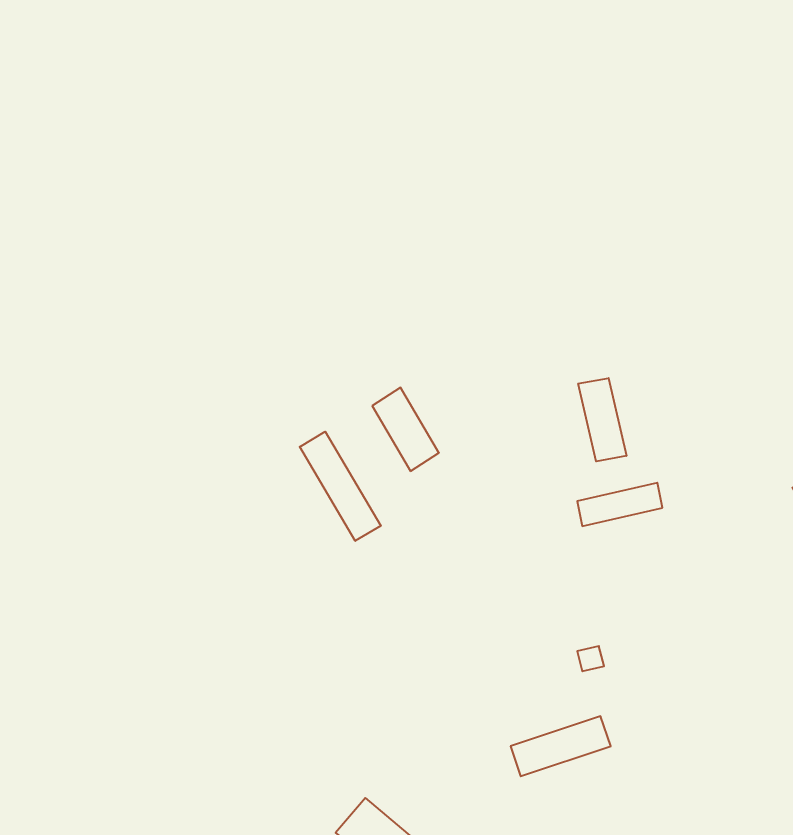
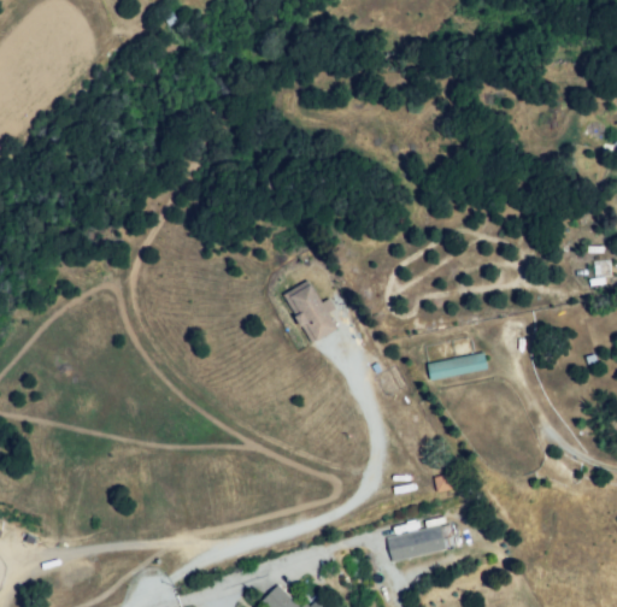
building: [578,378,626,461] -> none
building: [300,432,381,541] -> none

